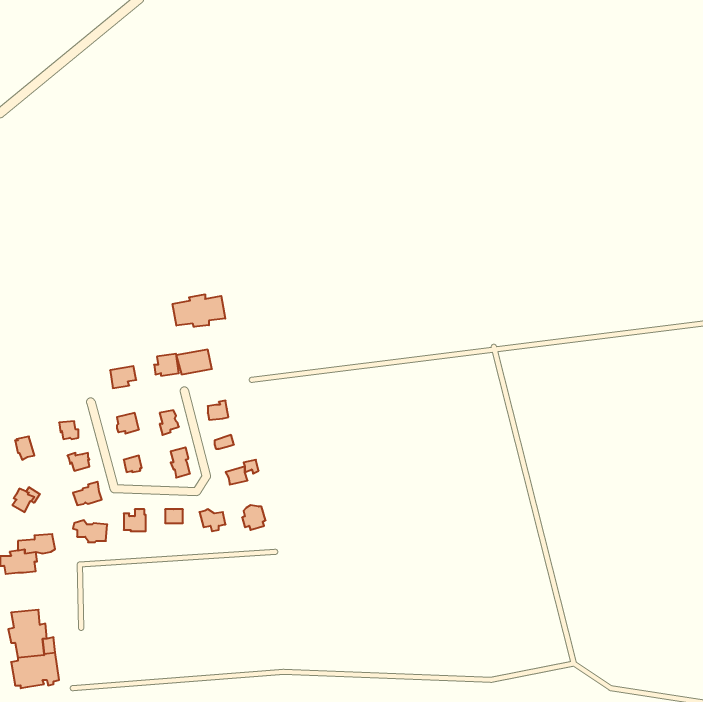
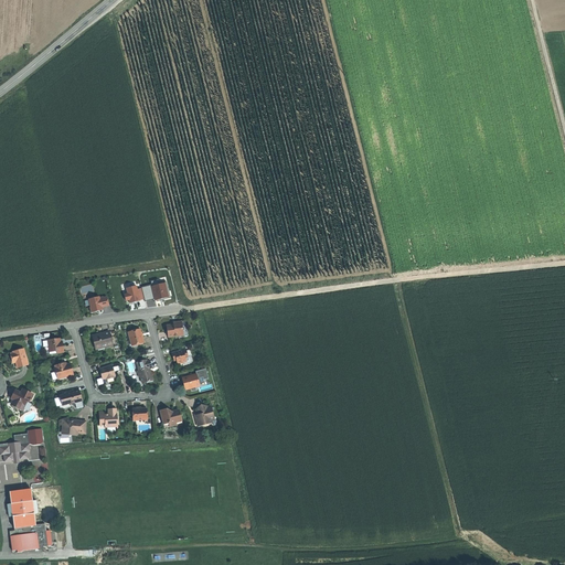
building: [173,294,225,327] -> none

